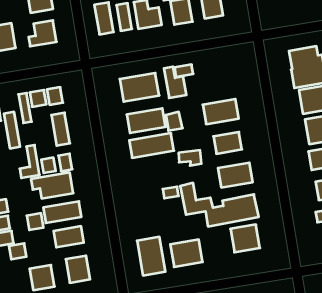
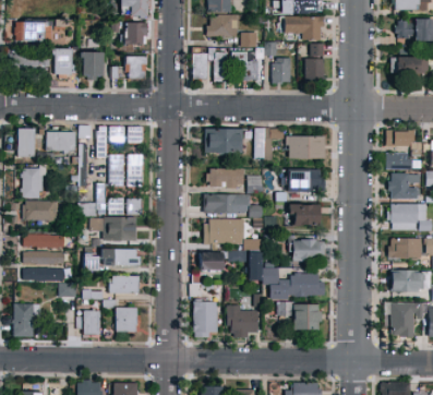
building: none -> [288,135,325,158]
building: none -> [108,154,123,187]
building: none -> [204,219,245,242]
building: none -> [200,252,224,271]

